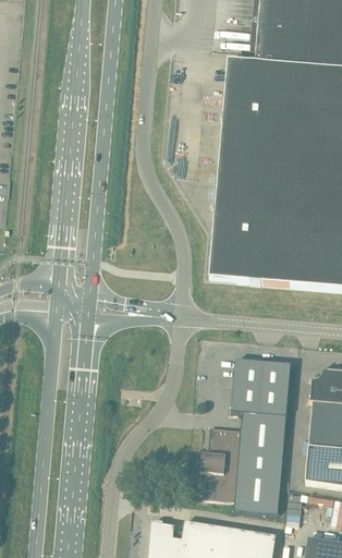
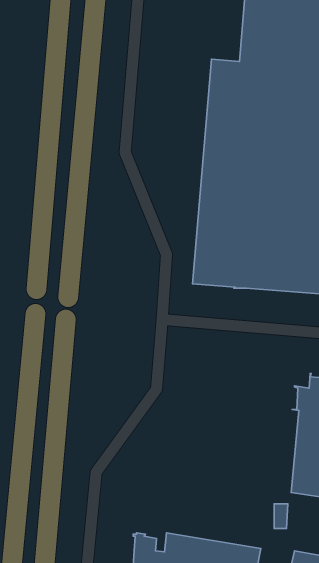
building: [200,359,291,513] -> none

